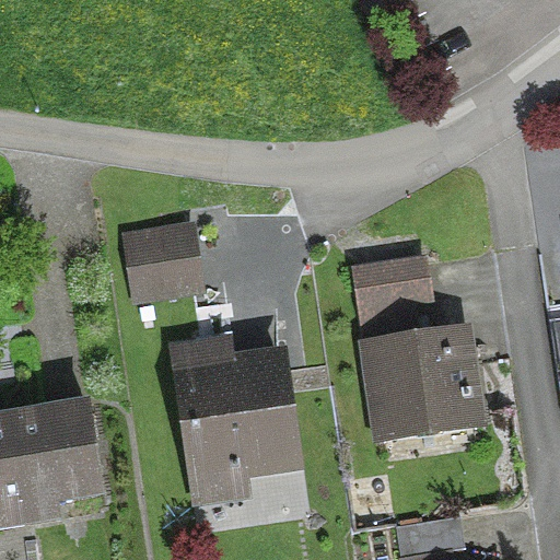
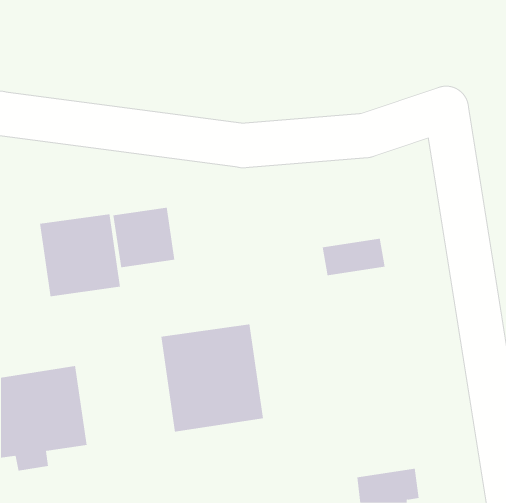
building: none -> [39,214,120,297]
building: [369,332,472,427] -> none

